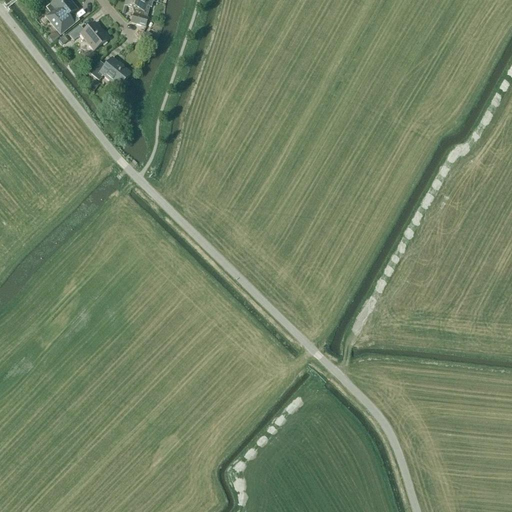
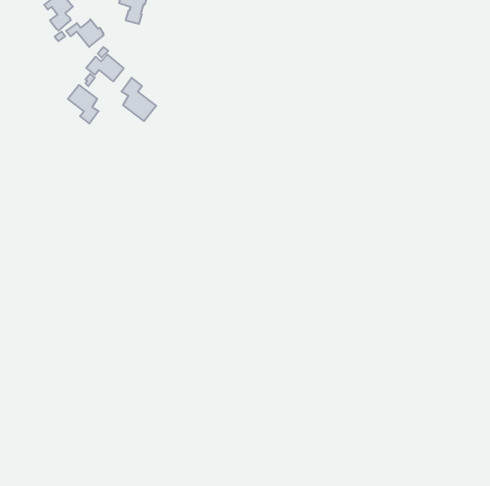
building: none -> [121,78,156,121]
building: none -> [68,85,99,124]

